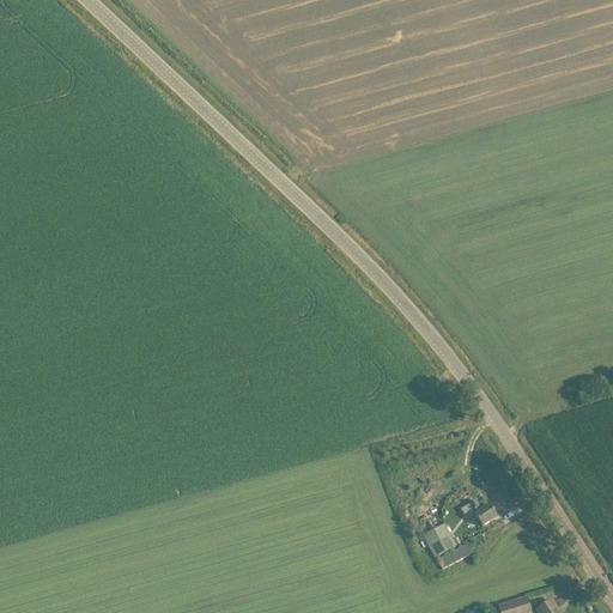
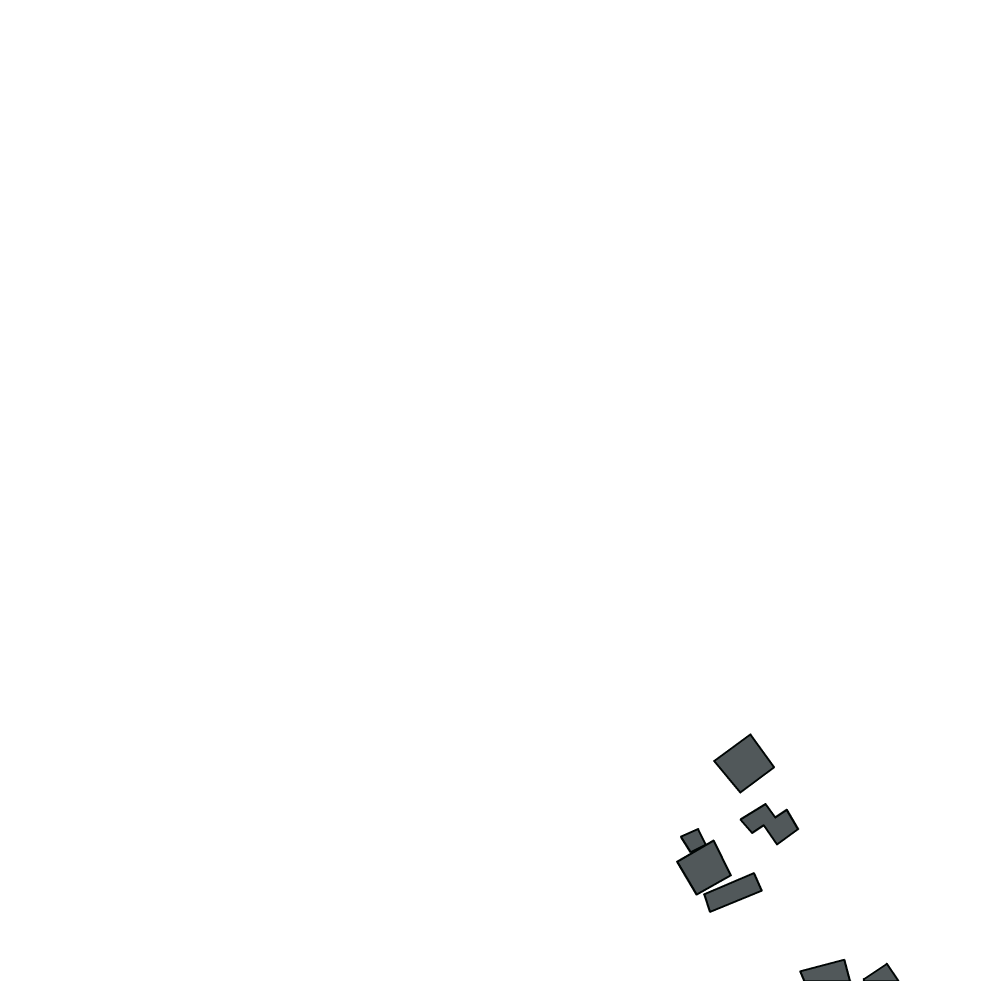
building: none -> [714,734,774,793]

